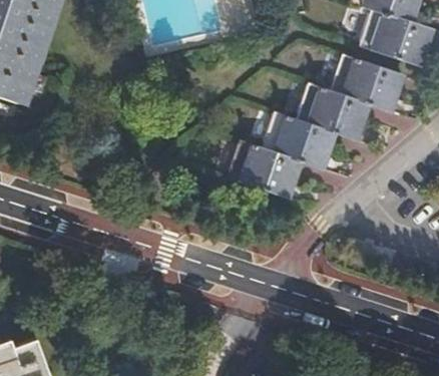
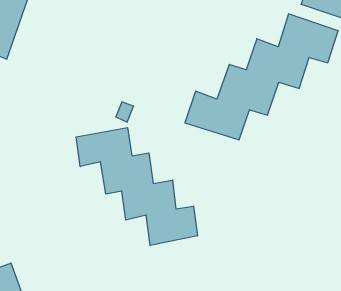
building: none -> [76,128,197,246]

